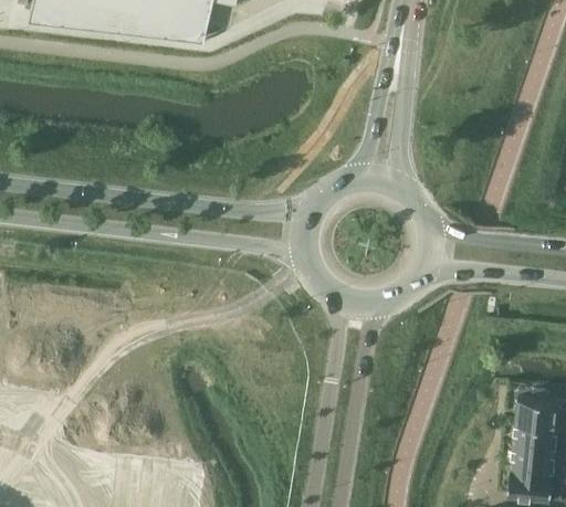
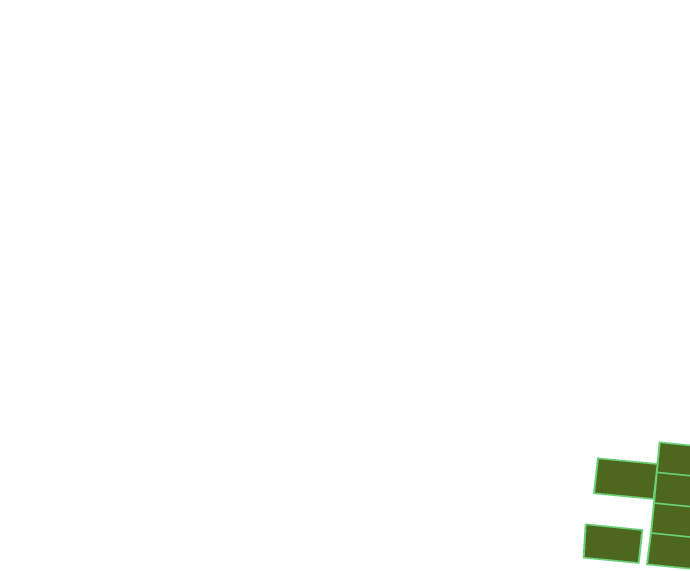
building: none -> [594,458,657,499]
building: none -> [584,524,642,563]

